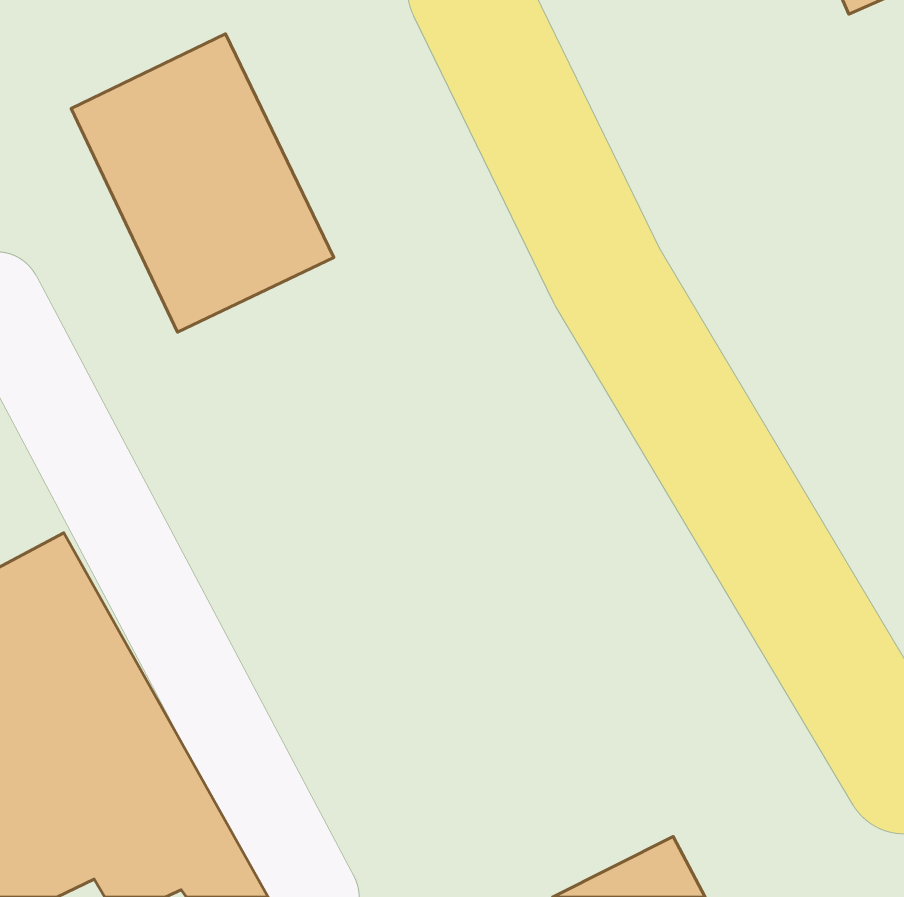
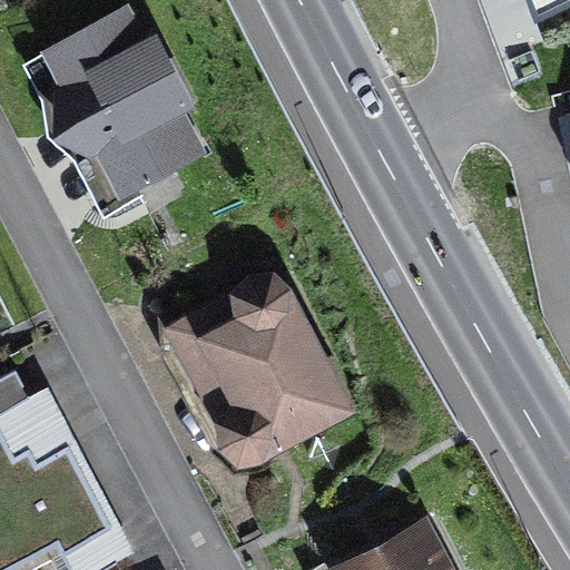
building: none -> [155,273,347,471]

